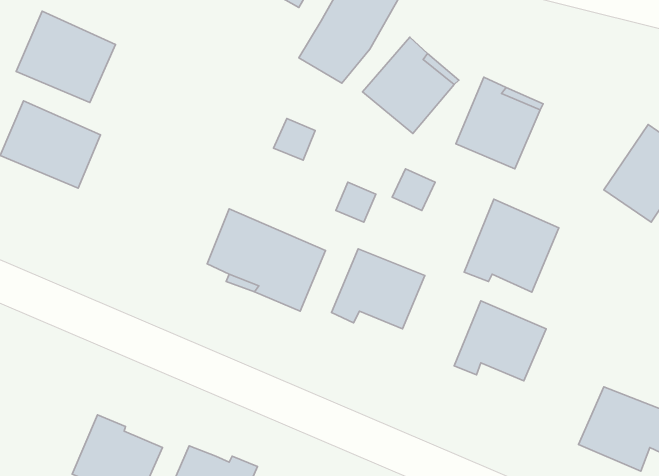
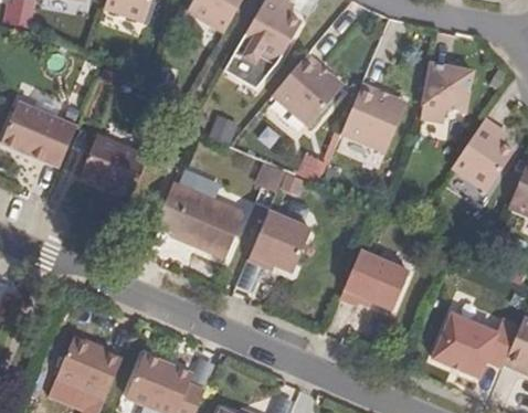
building: [16,11,116,102] -> none
building: none -> [421,64,472,123]
building: none -> [81,137,147,197]
building: [464,199,559,292] -> none

